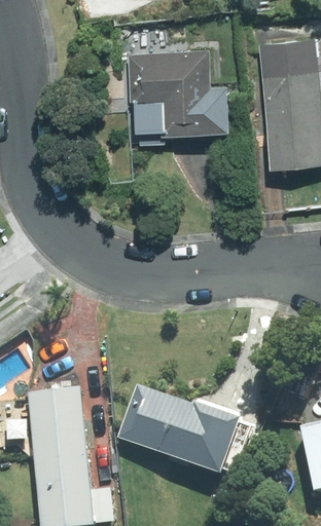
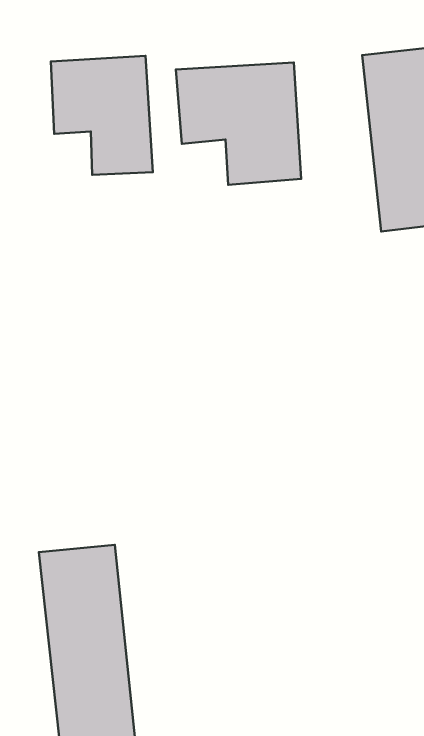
building: none -> [51,56,153,175]
building: [116,387,243,479] -> none

